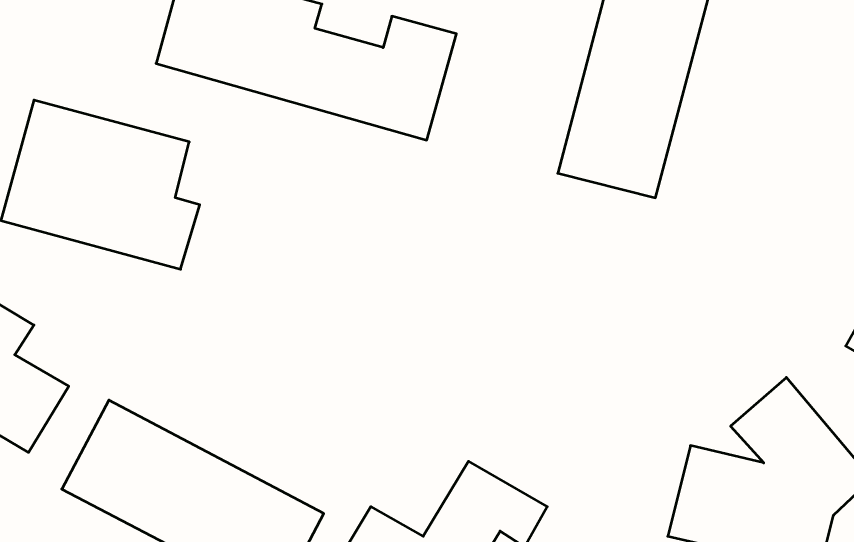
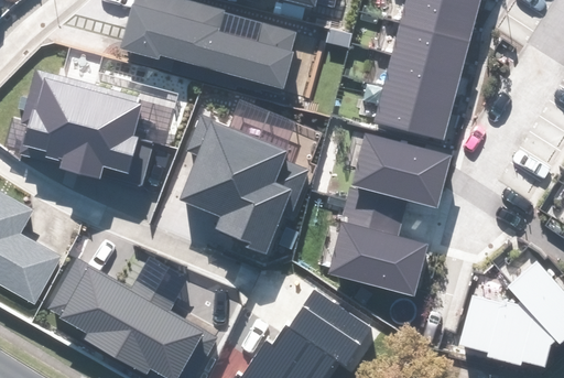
building: none -> [188,125,317,248]
building: none -> [324,128,442,290]

